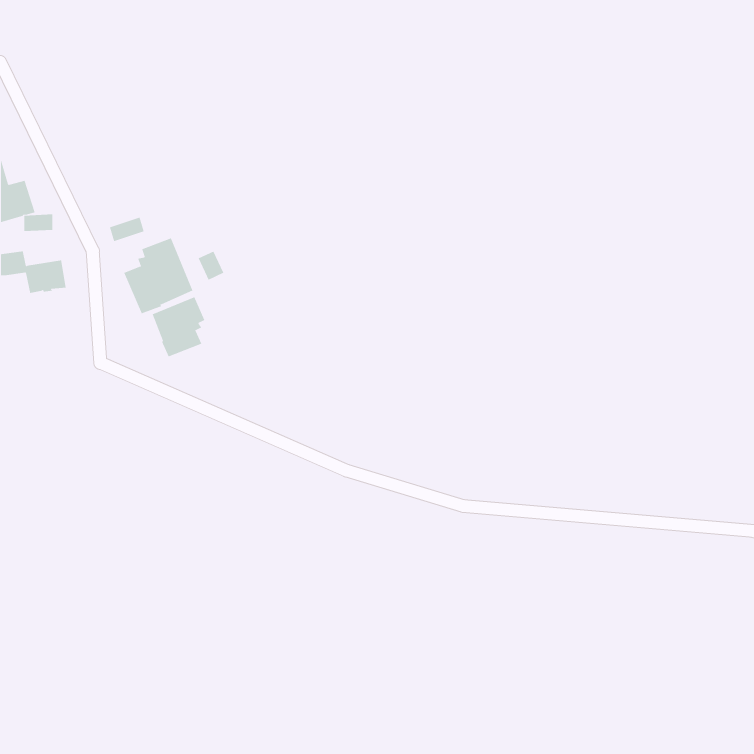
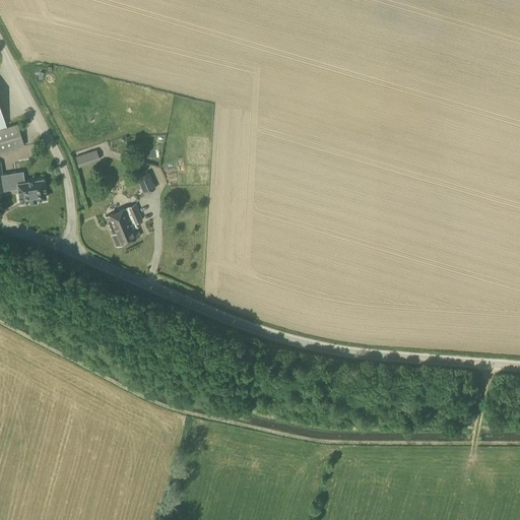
building: [123,237,193,314] -> none

